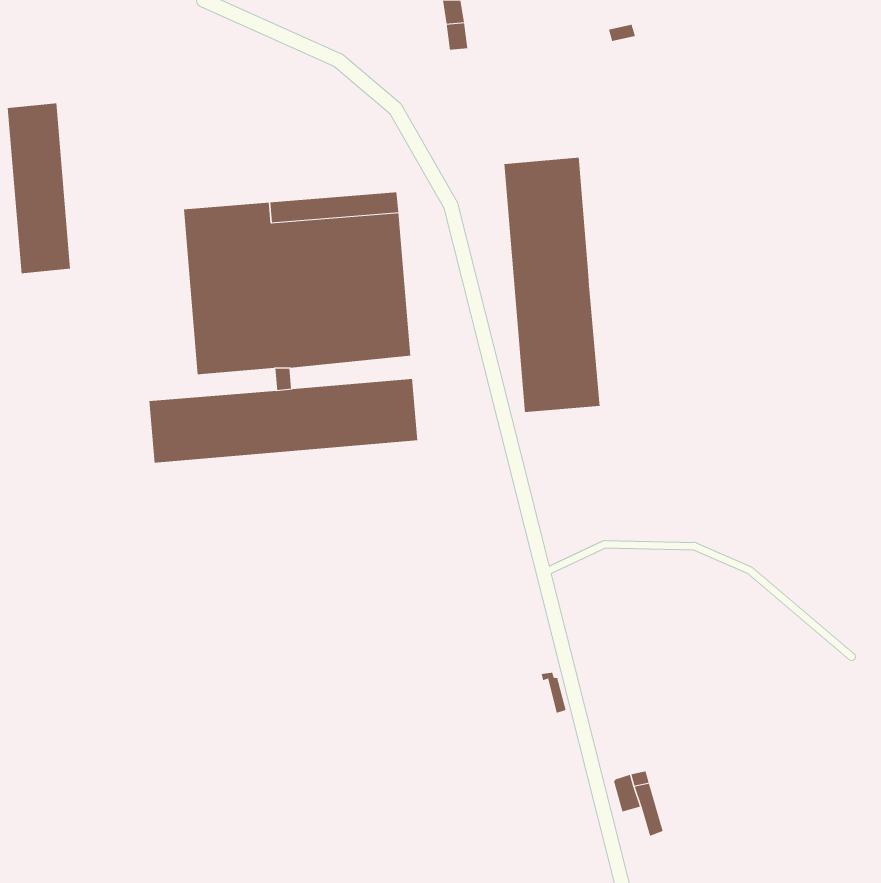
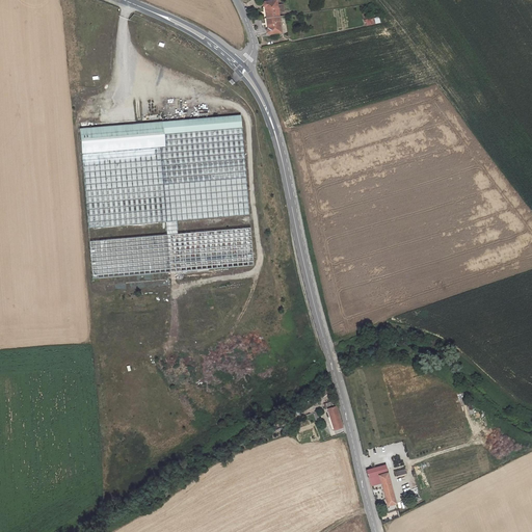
building: [7,103,71,274] -> [81,126,119,229]
building: [504,157,600,413] -> none

